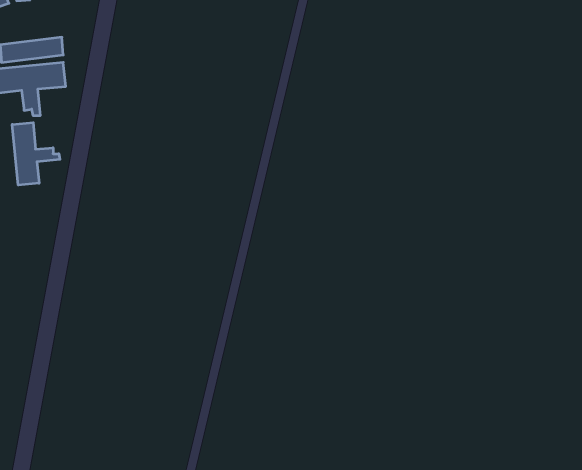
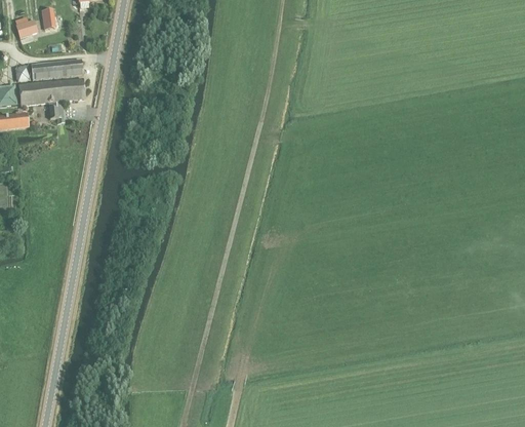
building: [12,123,60,185] -> none

